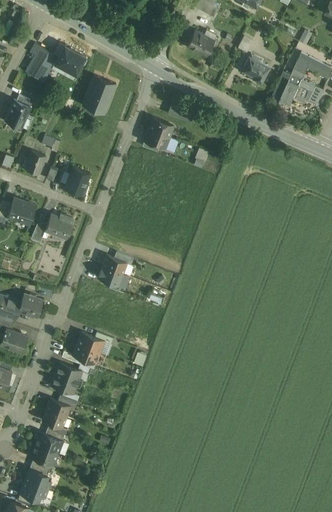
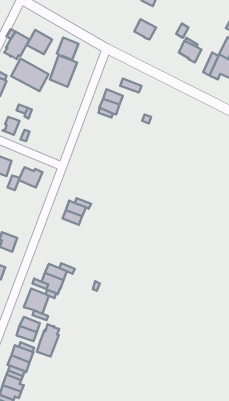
building: none -> [57,37,79,60]
building: none -> [11,59,48,91]
building: [65,166,90,195] -> none
building: none -> [37,324,59,357]

